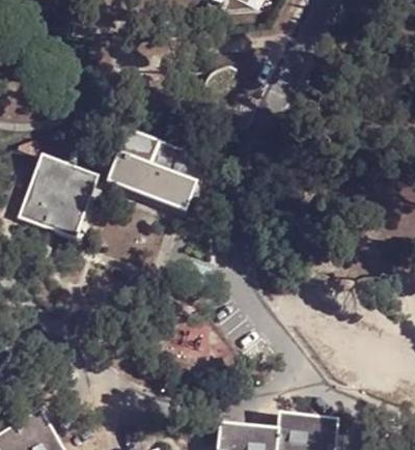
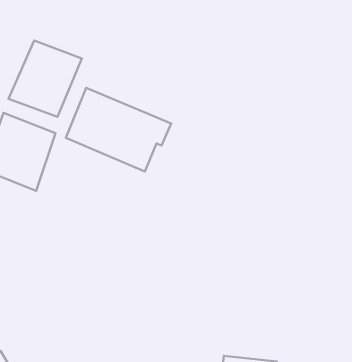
building: none -> [8,40,82,117]

